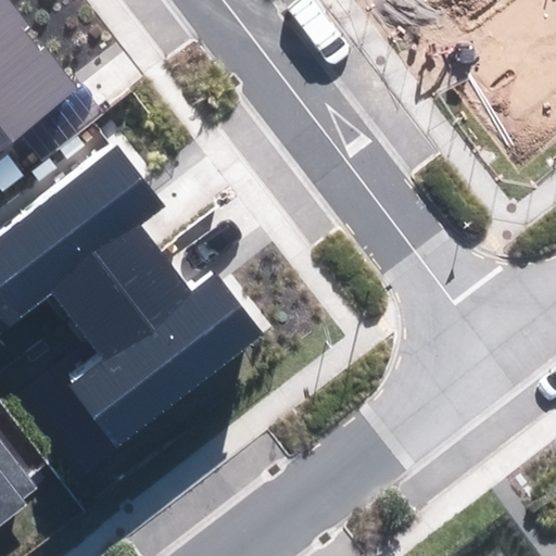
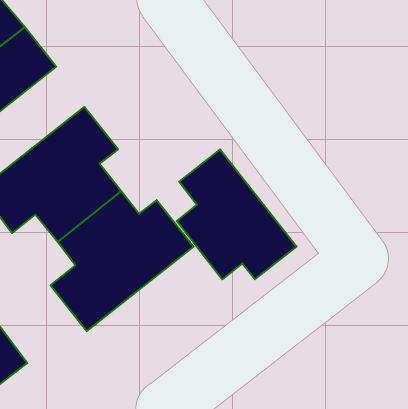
building: none -> [177,149,297,279]

